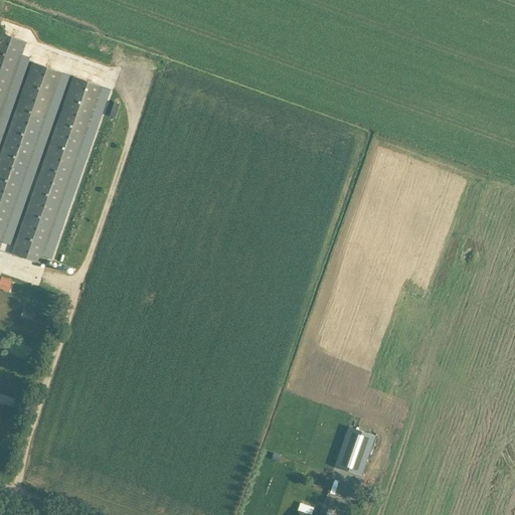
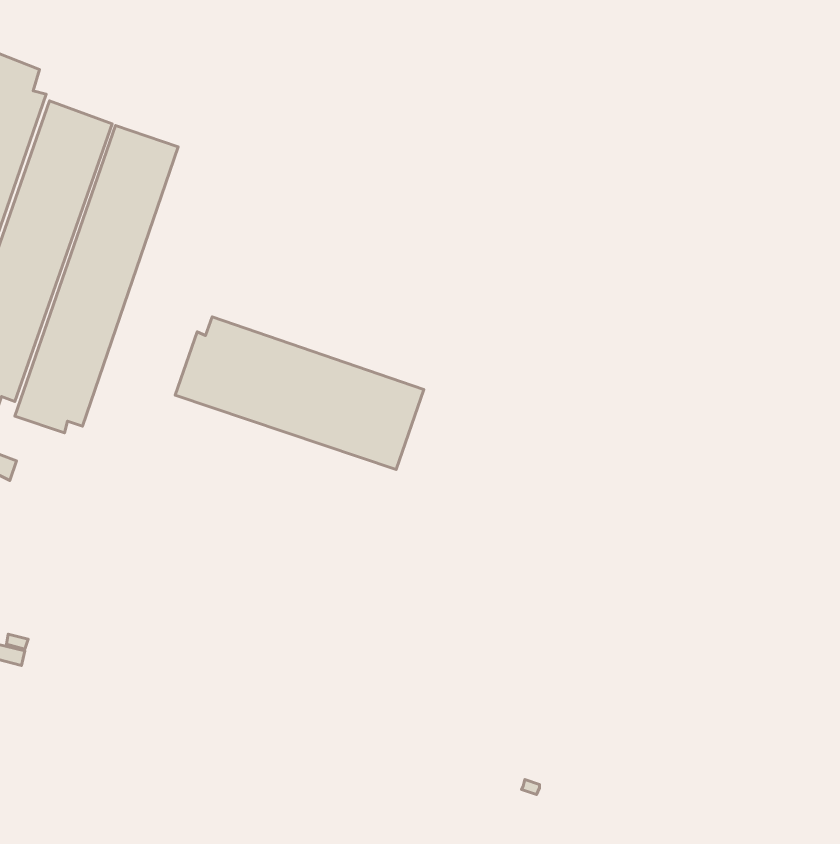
building: none -> [175,317,424,470]
building: [334,427,373,475] -> none

